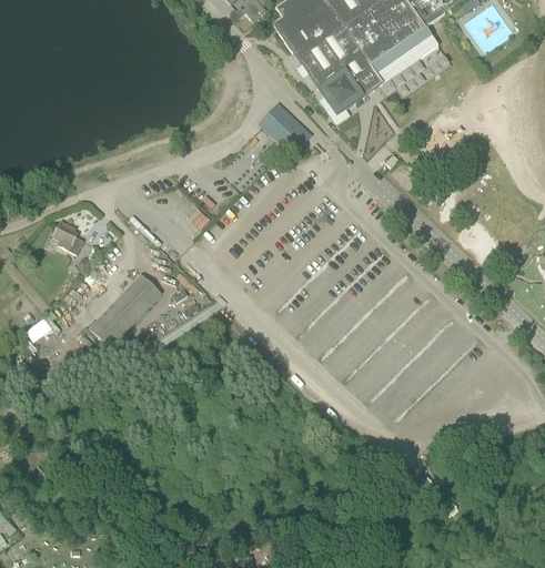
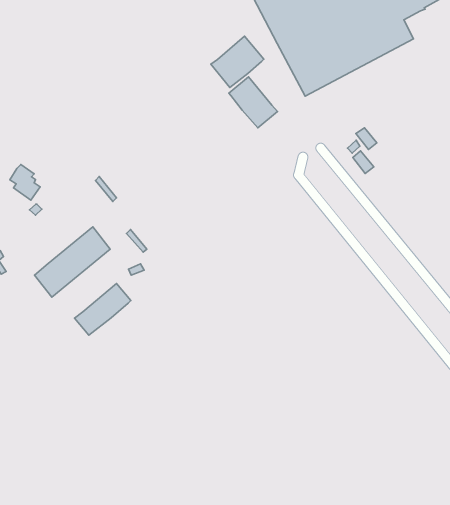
building: none -> [211,36,264,87]
building: none -> [75,284,131,335]

